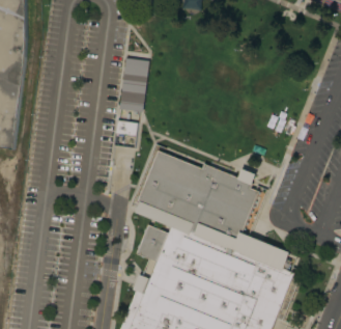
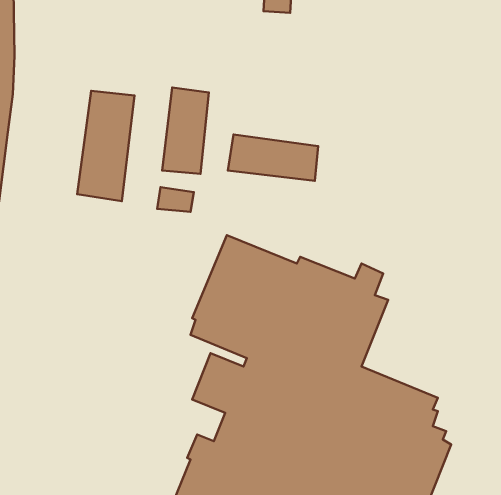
building: none -> [77,91,135,201]
building: none -> [228,135,318,181]

